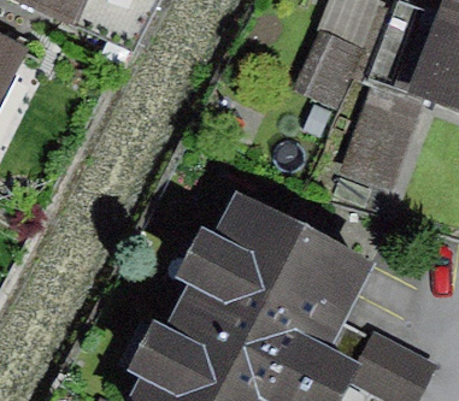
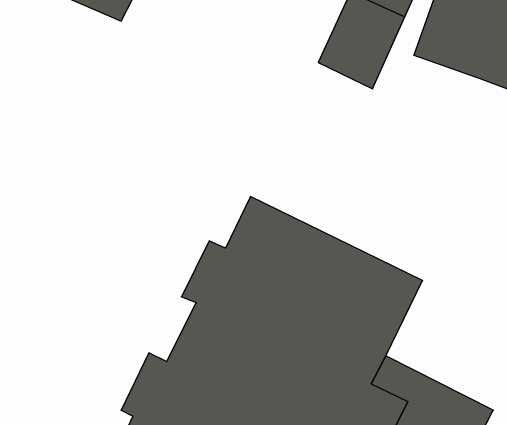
building: [337,78,423,190] -> none

